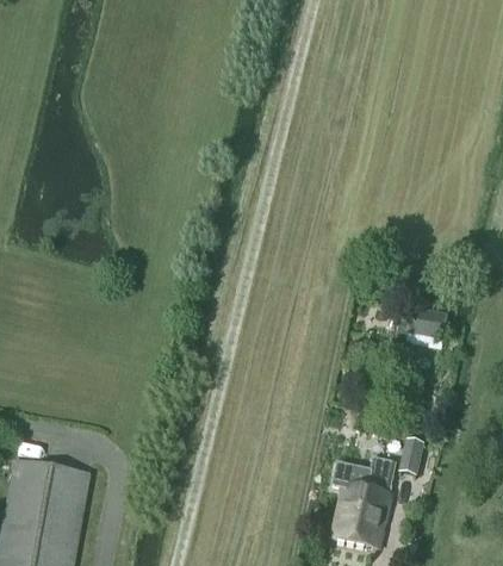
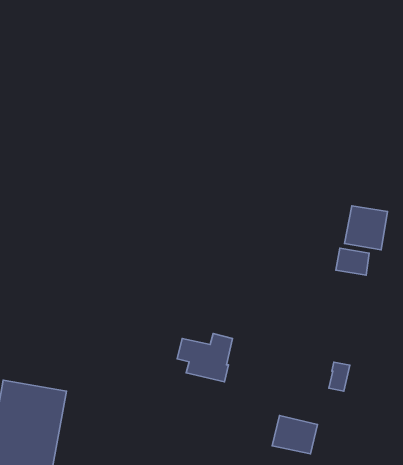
building: none -> [344,206,388,250]
building: [330,454,396,511] -> [177,334,232,382]

